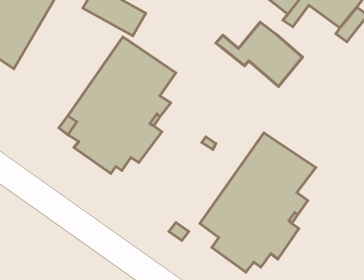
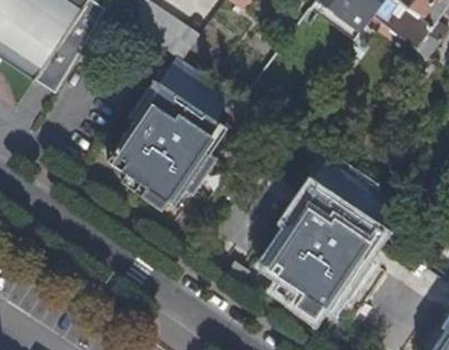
building: [216,22,303,86] -> none

